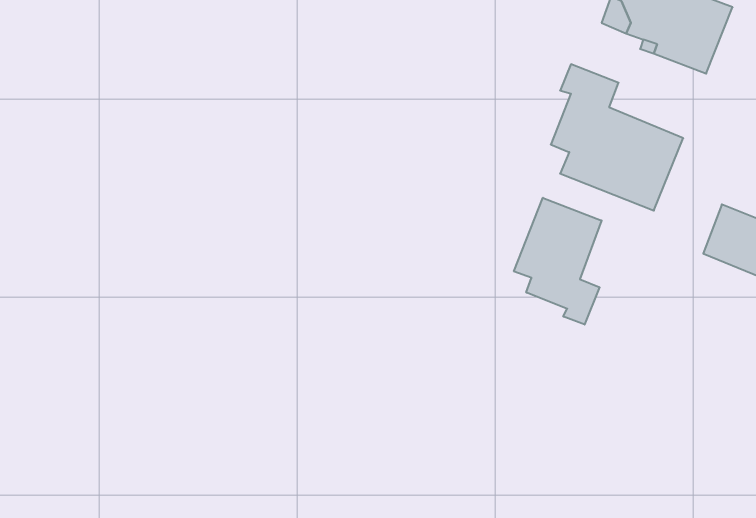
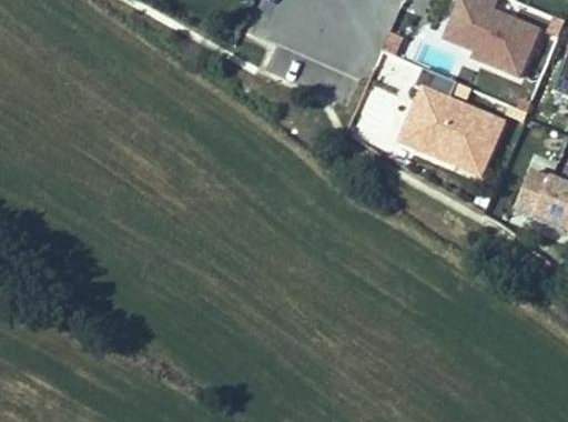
building: [514,198,602,325] -> none

